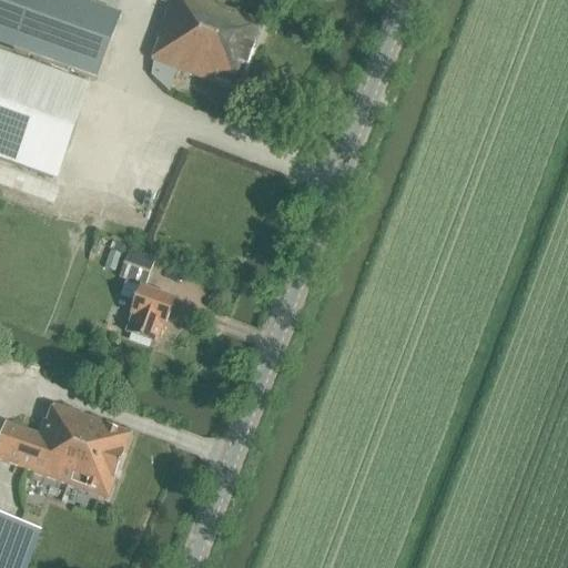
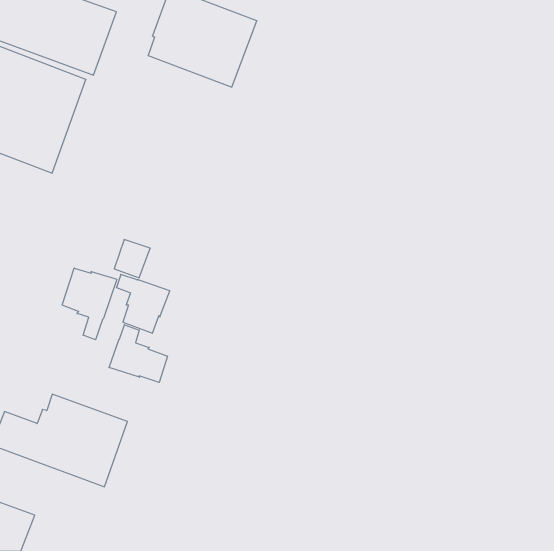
building: none -> [62,268,117,340]
building: none -> [109,325,167,382]

